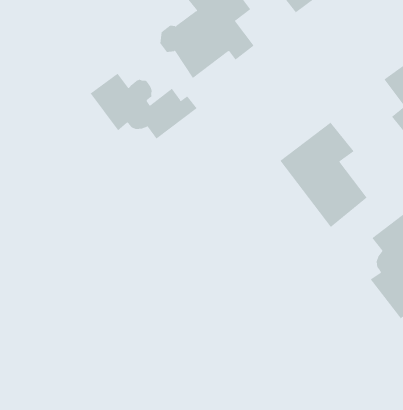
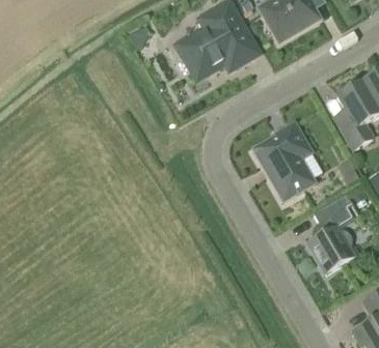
building: [90,73,197,139] -> none

